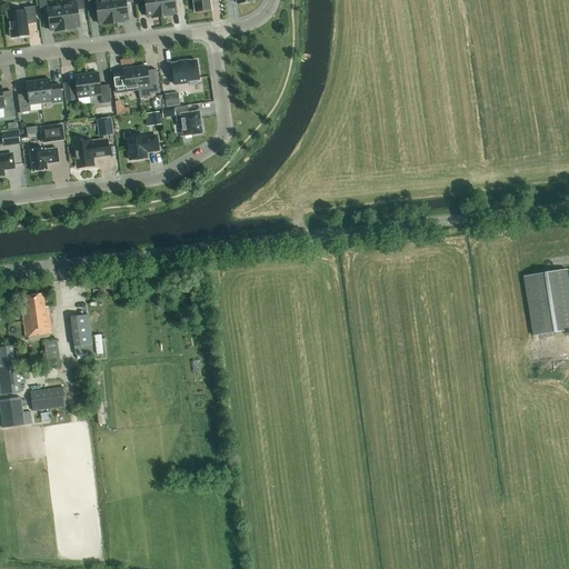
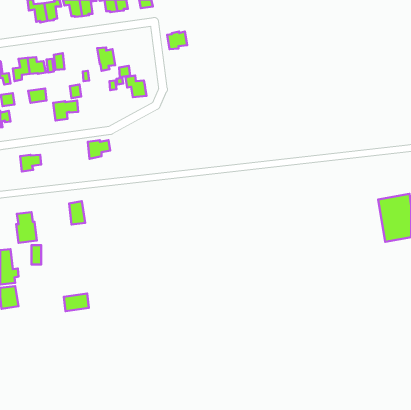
building: [8,6,37,37] -> none
building: [171,59,199,83] -> [167,32,187,49]
building: [113,67,138,92] -> none
building: [87,72,111,103] -> none
building: [127,134,158,160] -> [88,140,110,159]
building: [30,148,59,171] -> [20,155,41,172]
building: [70,313,92,346] -> [69,201,85,224]
building: [30,386,64,410] -> [64,294,89,311]

